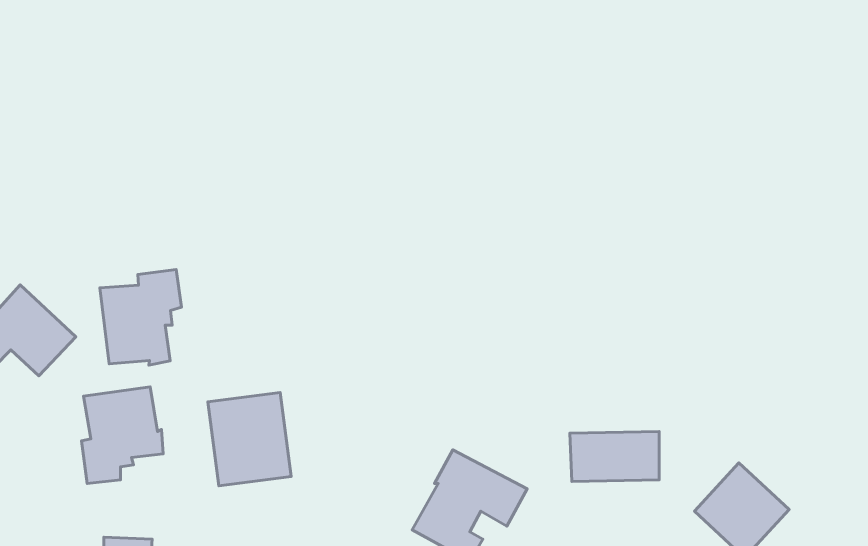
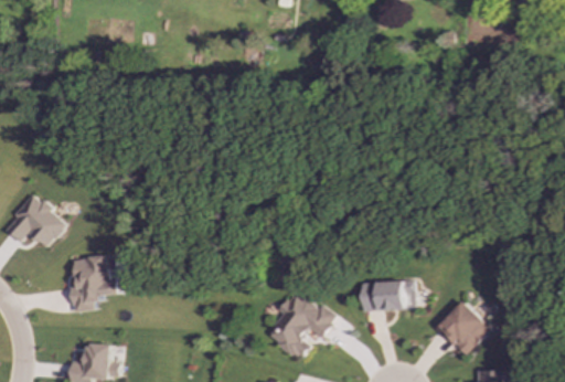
building: [100,269,182,365] -> none
building: [208,393,291,486] -> none

